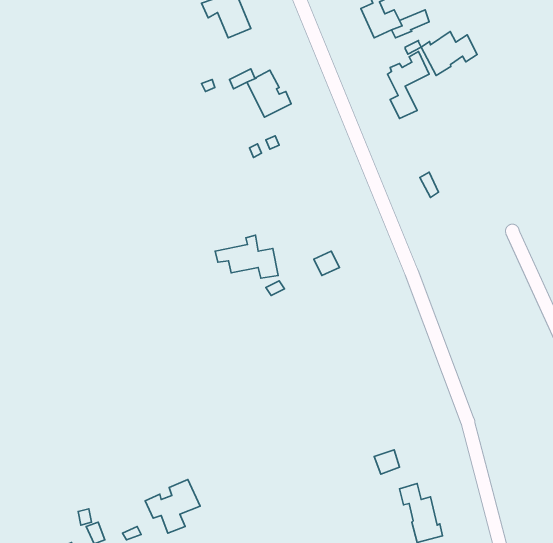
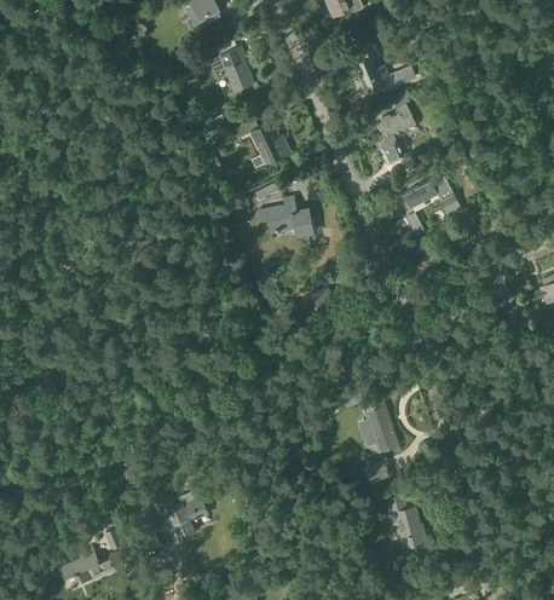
building: [421,32,477,76] -> none
building: none -> [404,174,462,219]
building: [215,235,278,278] -> [256,197,313,236]
building: none -> [359,396,398,451]

